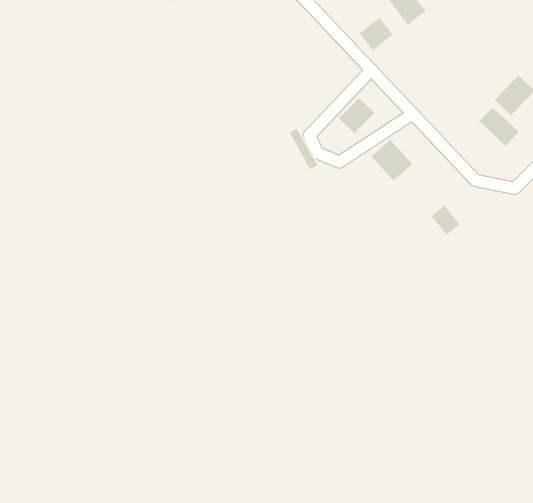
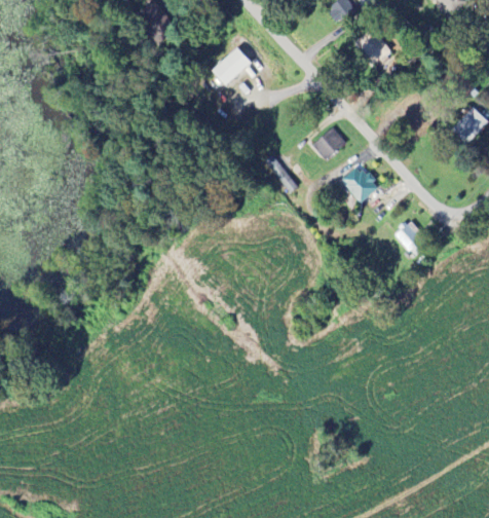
building: none -> [213,47,251,85]
building: [358,17,393,51] -> none
building: [479,107,519,147] -> none

